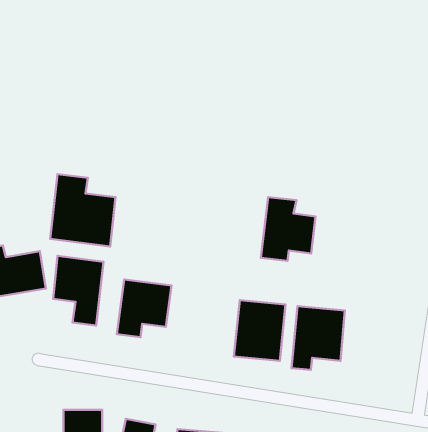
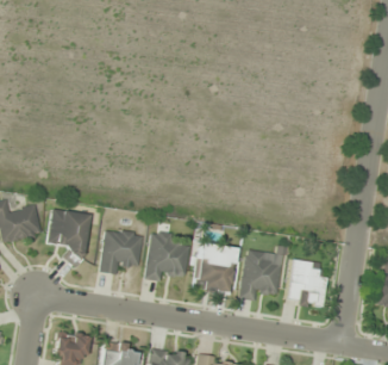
building: [50,174,115,246] -> none
building: [261,197,316,261] -> [145,230,189,282]
building: none -> [286,259,327,307]

